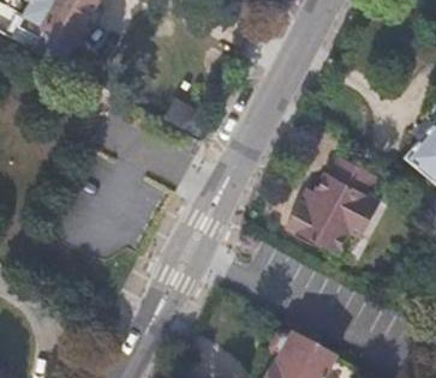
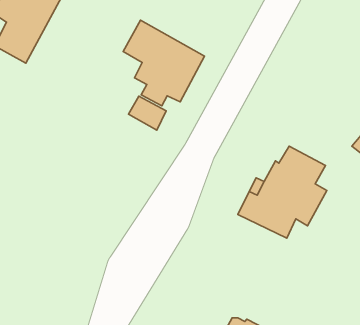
building: none -> [123,20,204,106]

